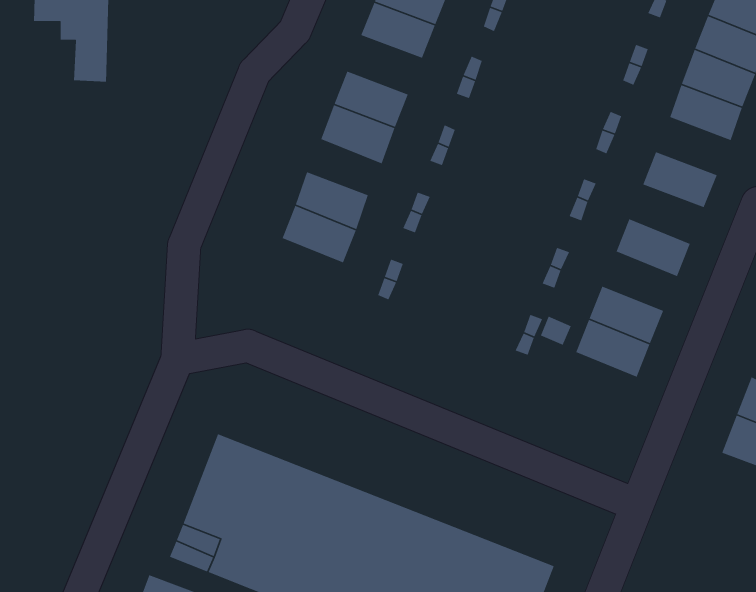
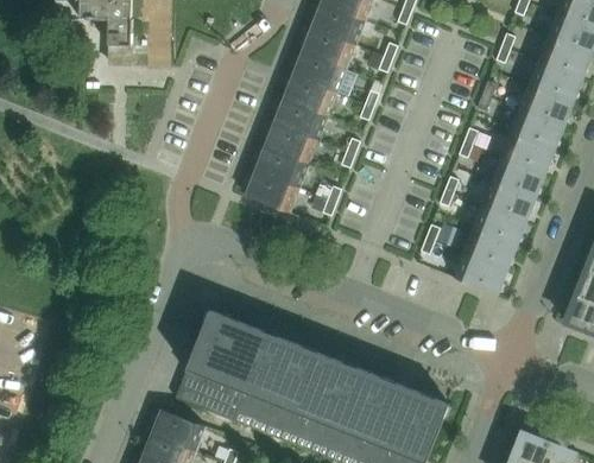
building: none -> [301,27,354,69]
building: none -> [519,85,573,126]
building: none -> [272,101,326,140]
building: none -> [500,133,554,175]
building: none -> [245,171,298,213]
building: none -> [481,180,535,222]
building: none -> [453,252,506,294]

